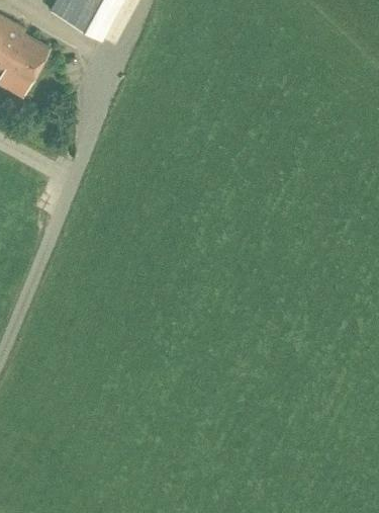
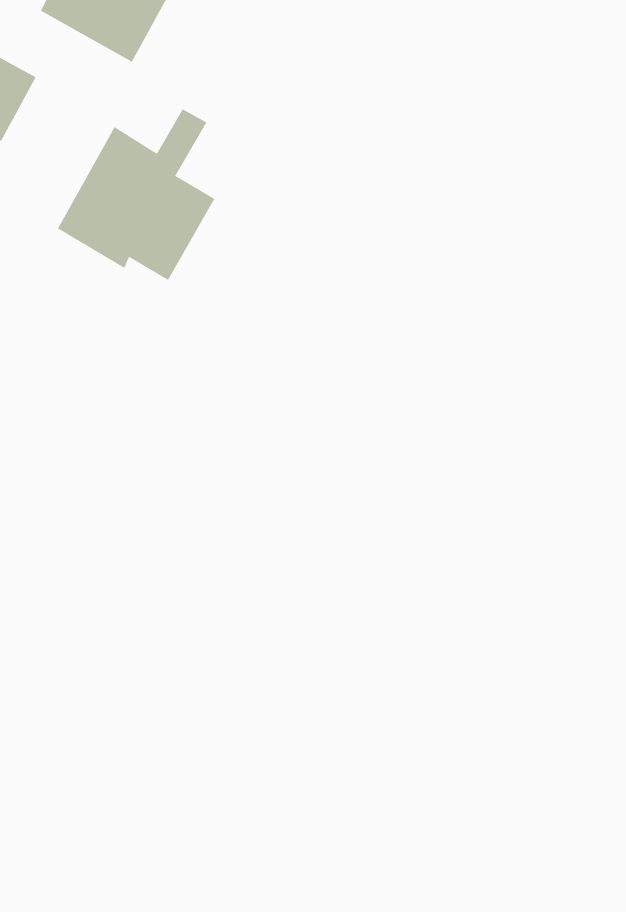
building: none -> [57,108,215,281]

